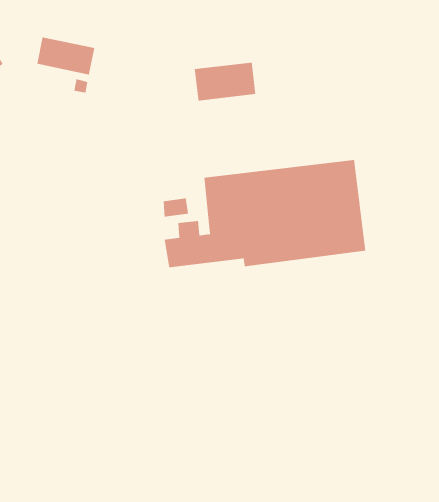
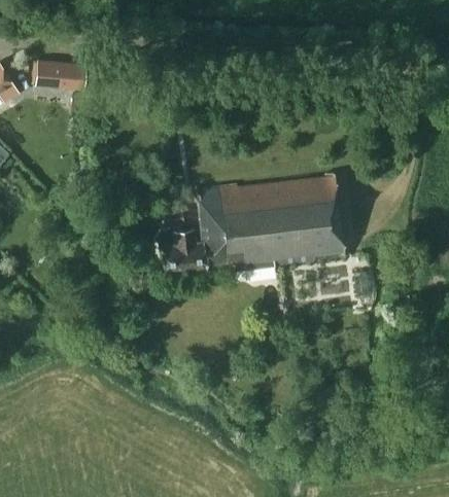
building: [194,62,256,101] -> none

